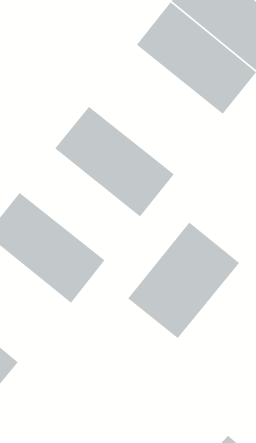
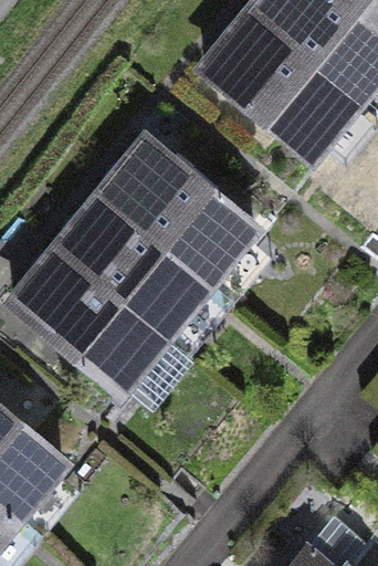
building: none -> [60,192,210,332]
building: [127,221,240,339] -> none

